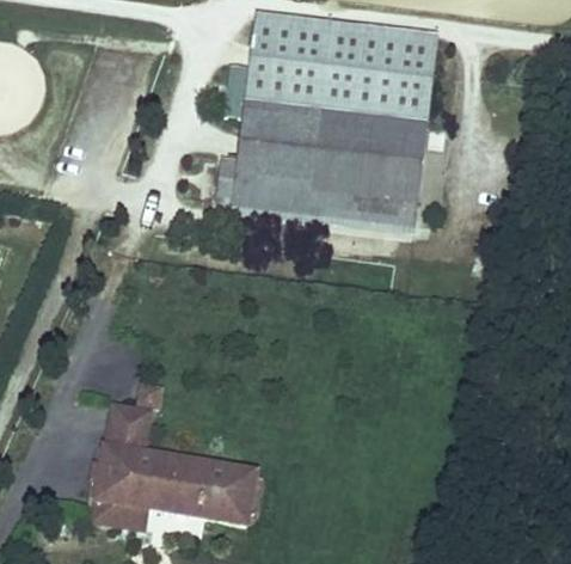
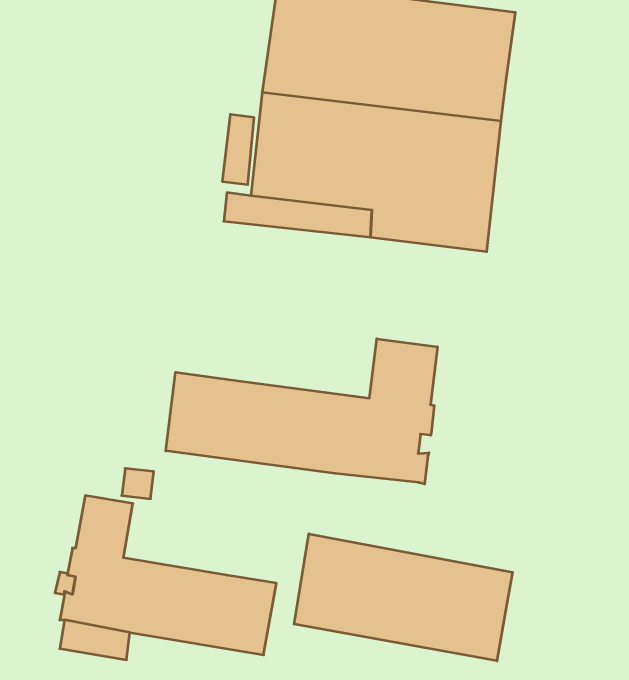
building: none -> [166,339,437,484]
building: none -> [294,534,513,661]

